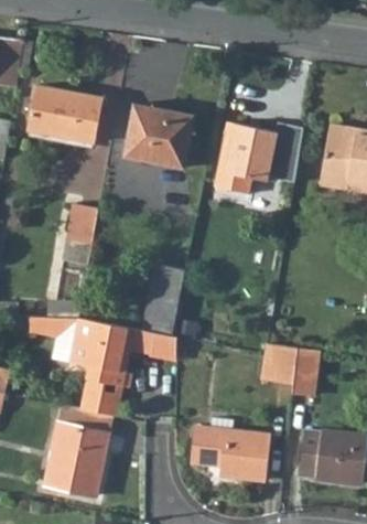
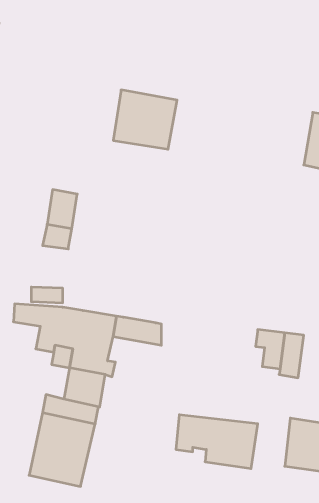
building: [26,86,99,143] -> none
building: [215,124,290,193] -> none
building: [140,263,186,335] -> none

